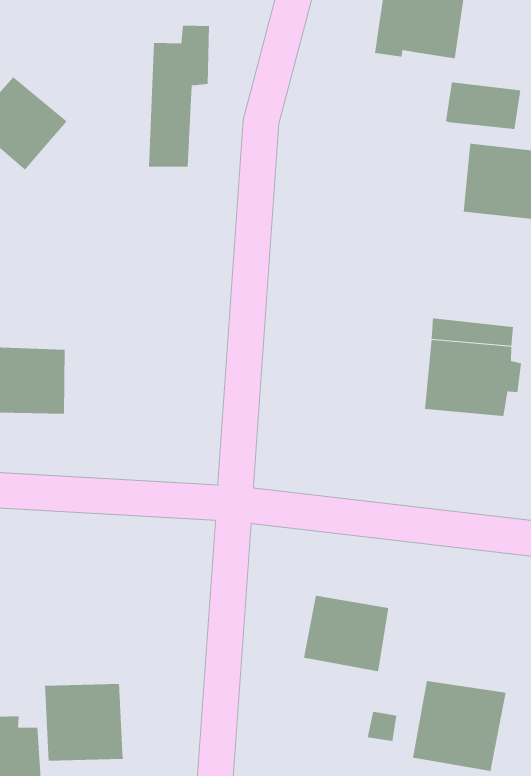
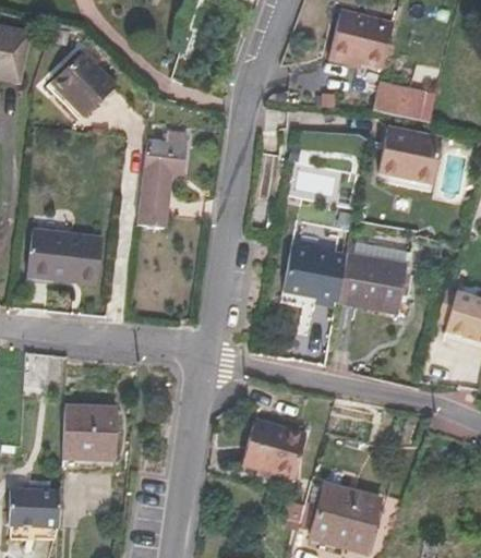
building: [148,25,210,167] -> [136,132,187,228]
building: none -> [284,246,347,301]
building: [44,684,123,761] -> [63,405,117,460]

